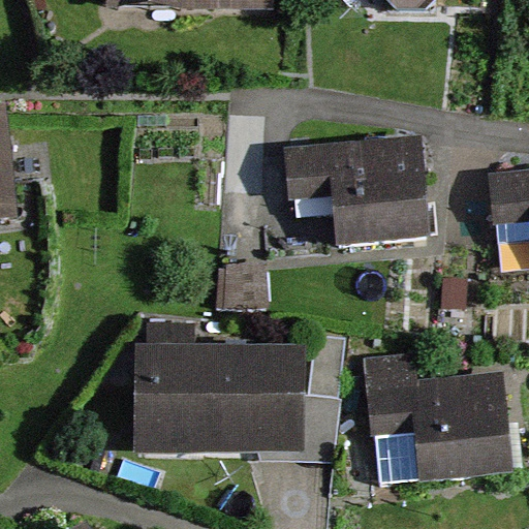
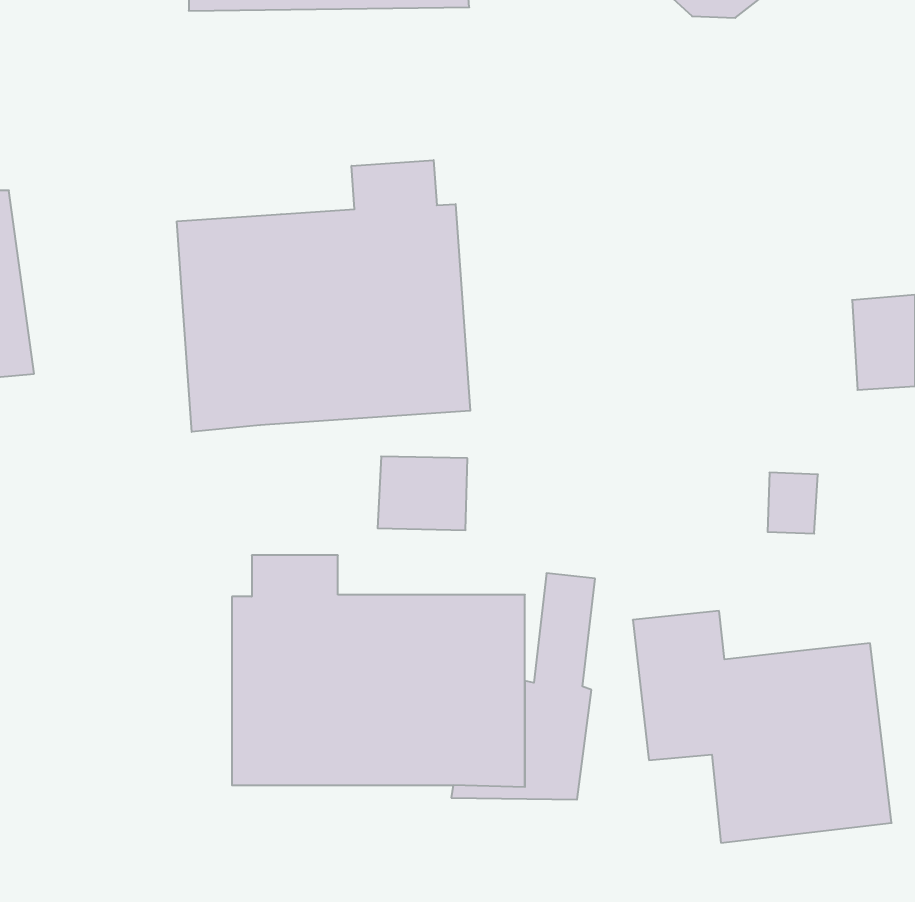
building: none -> [177,160,470,432]
building: [282,137,426,245] -> none

